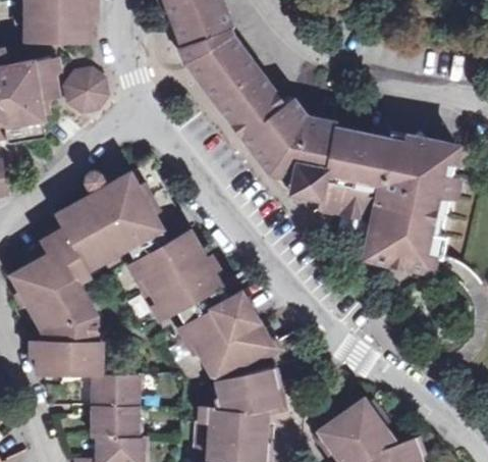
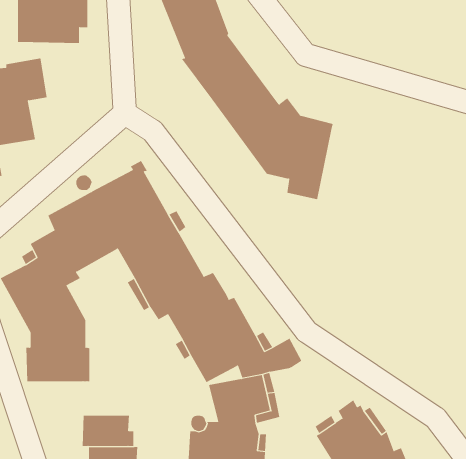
building: [64,64,113,112] -> none
building: [318,127,455,271] -> none
building: [91,375,141,408] -> none

